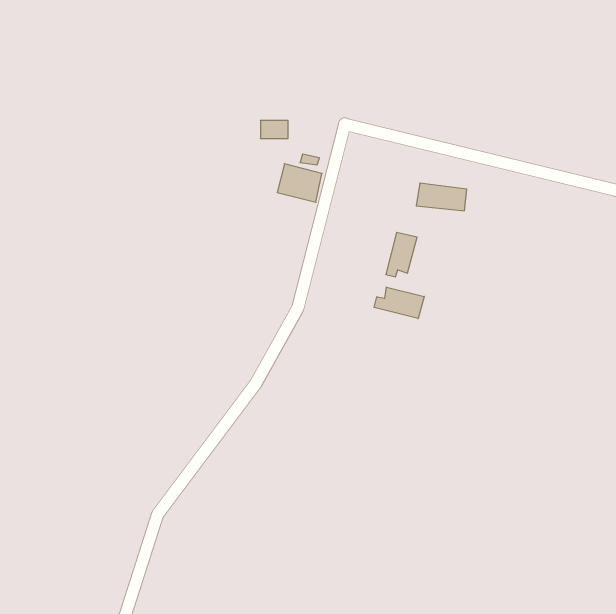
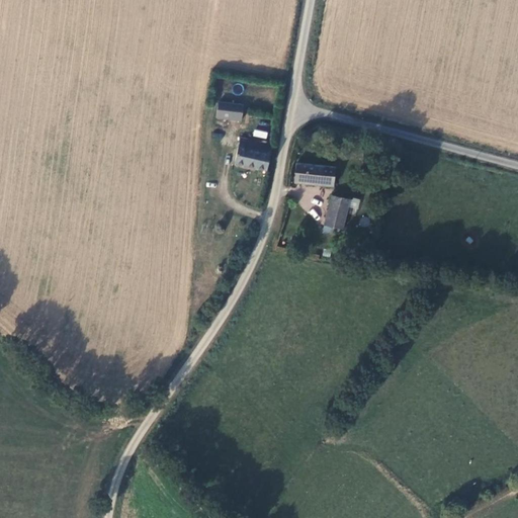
building: [416,183,467,211] -> [293,164,336,187]
building: [374,287,424,319] -> none

